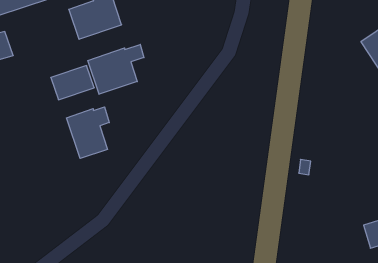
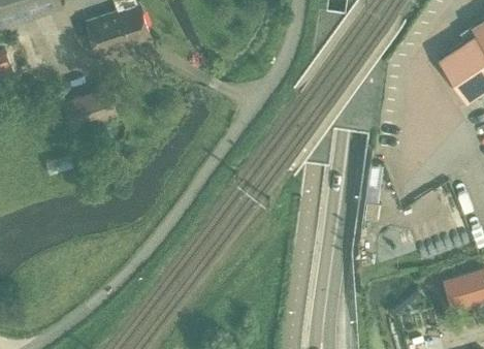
building: [88,44,144,94] -> none
building: [67,107,109,158] -> none

